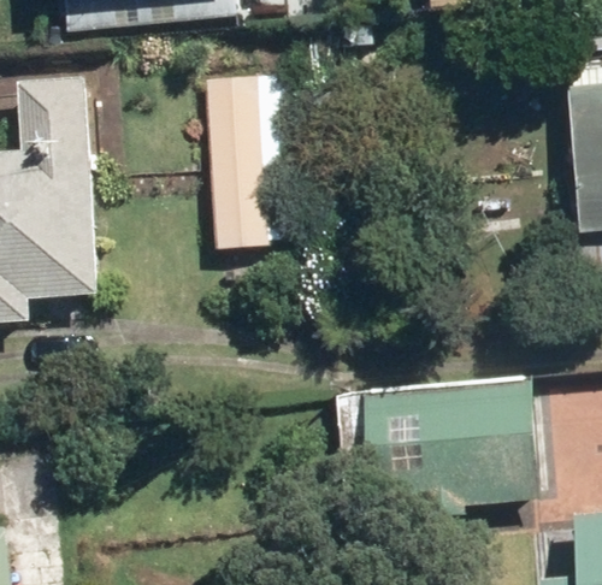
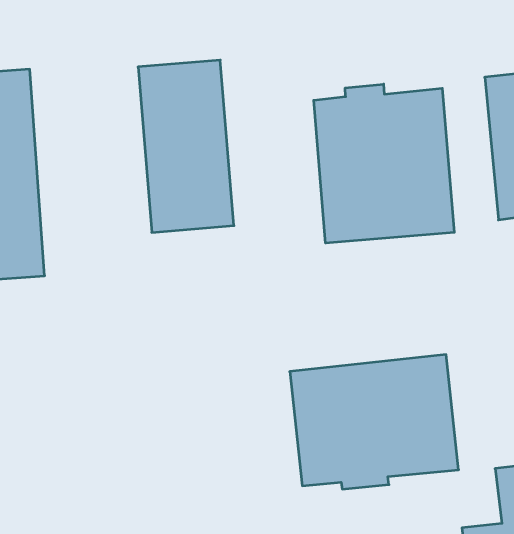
building: none -> [314,84,454,243]

